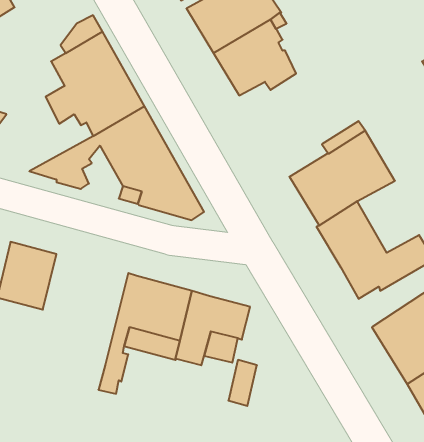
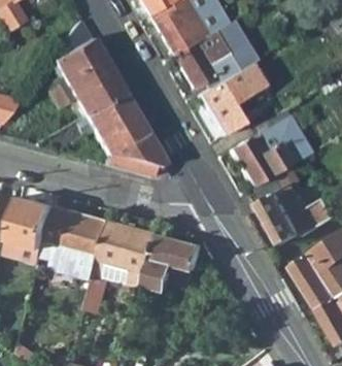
building: none -> [199,63,263,134]
building: none -> [42,207,109,292]

